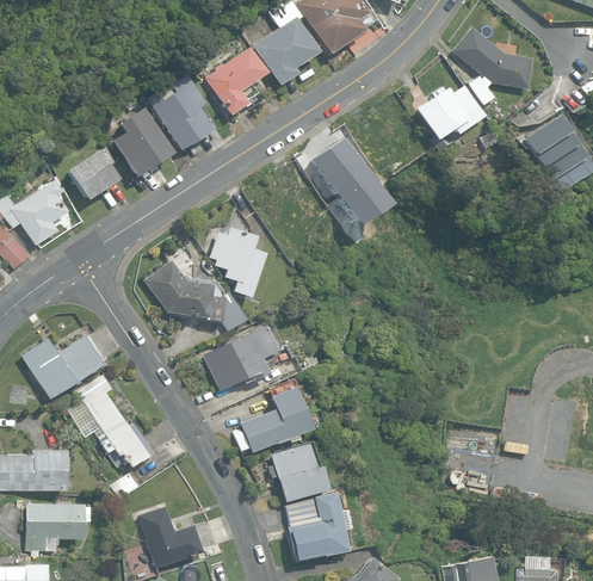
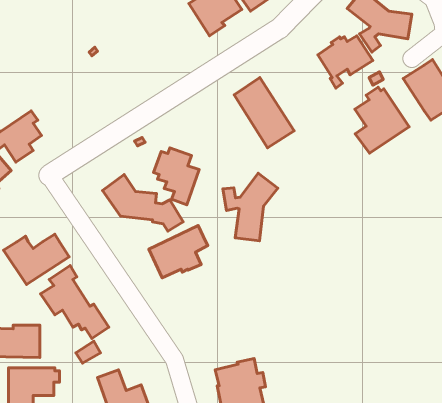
building: [206,48,270,116] -> none
building: [149,75,214,150] -> none
building: [115,109,173,177] -> none
building: none -> [355,87,409,153]
building: [68,150,118,200] -> none
building: none -> [223,173,278,241]
building: [241,387,311,452] -> none
building: [271,443,328,501] -> none

